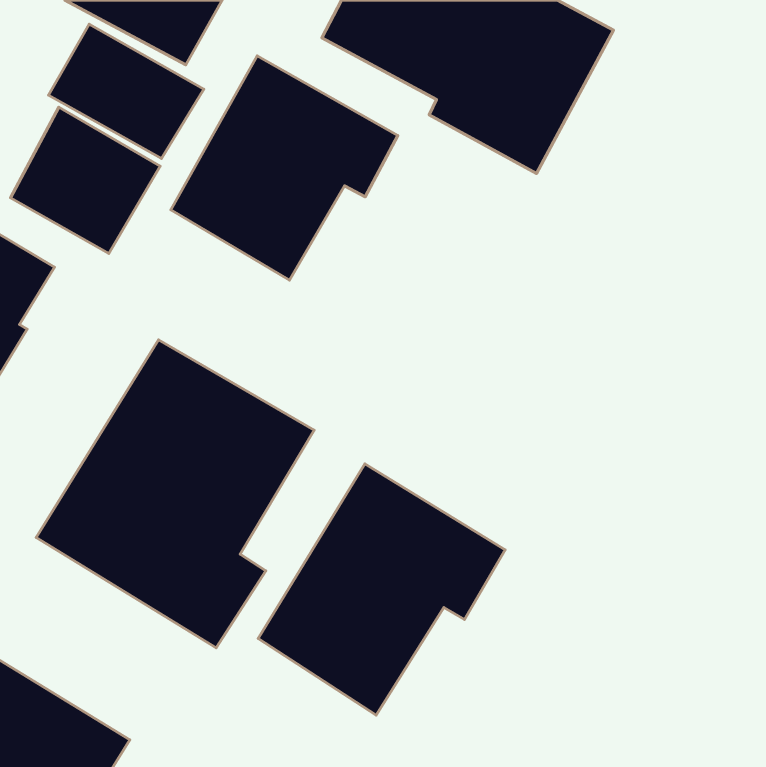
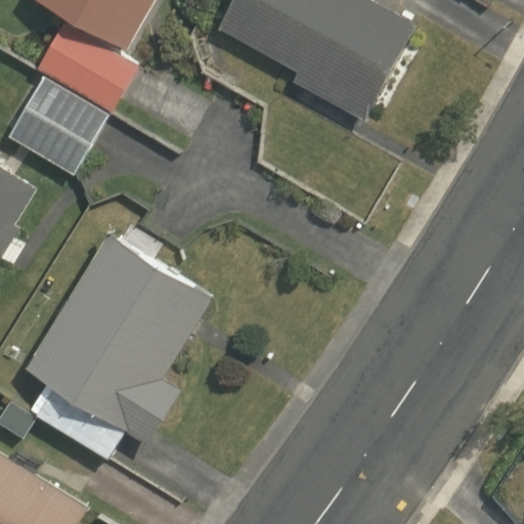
building: [171,56,398,280] -> none
building: [258,464,505,715] -> none

